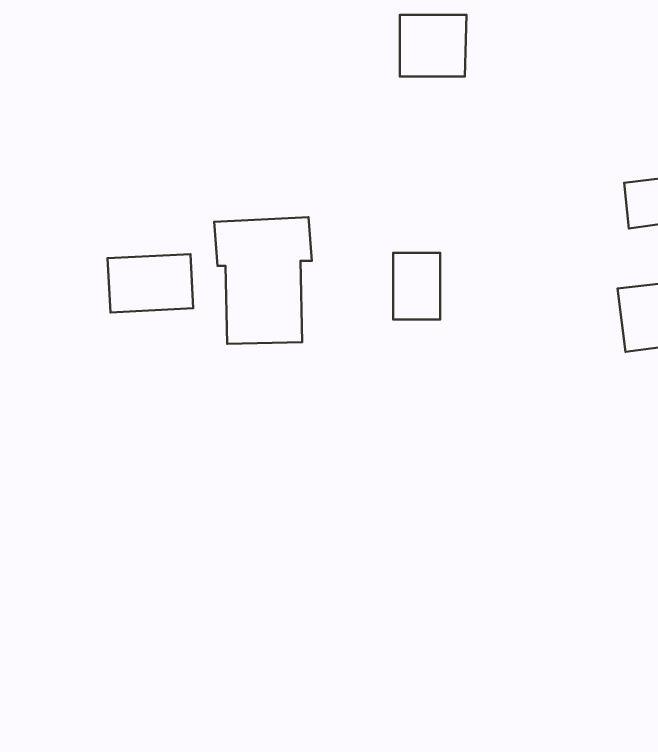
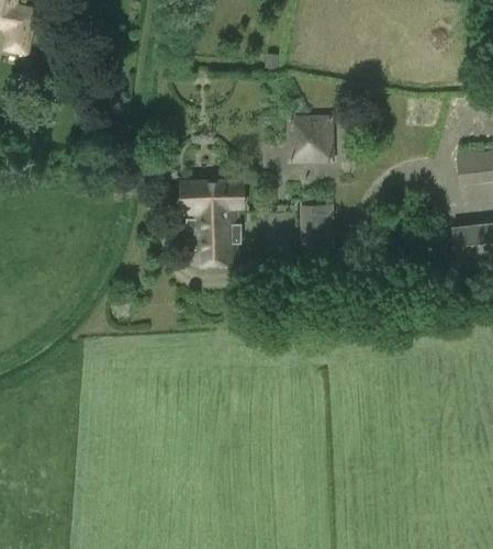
building: [400,15,466,76] -> [289,115,334,157]
building: [108,254,193,312] -> none

